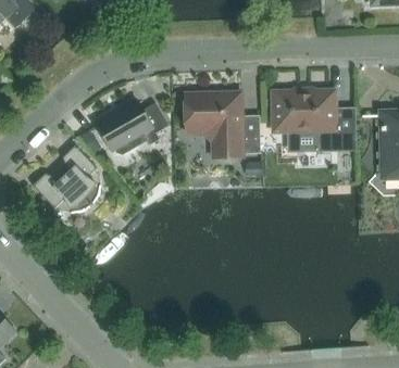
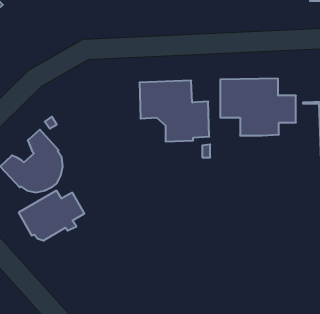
building: [97,100,169,154] -> [19,191,84,241]

